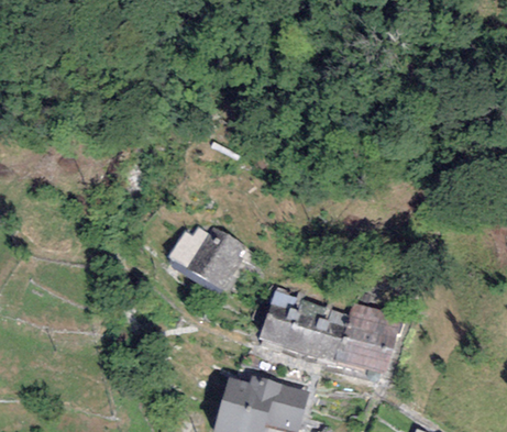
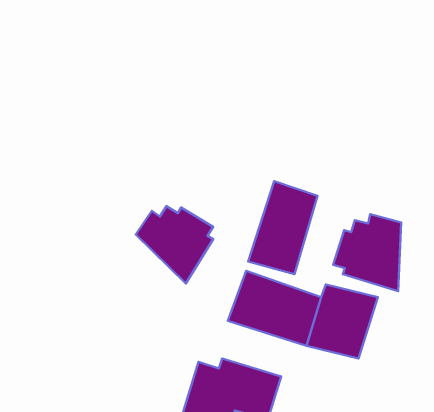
building: none -> [248,181,318,274]
building: none -> [333,214,401,291]

